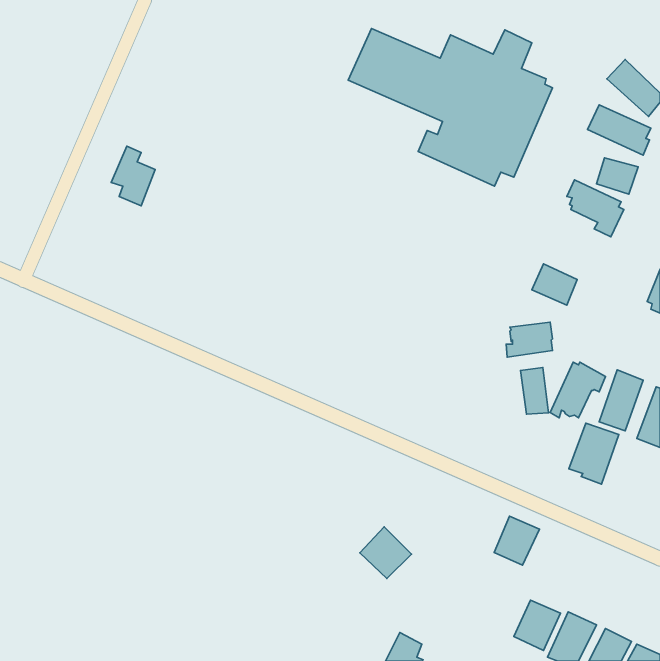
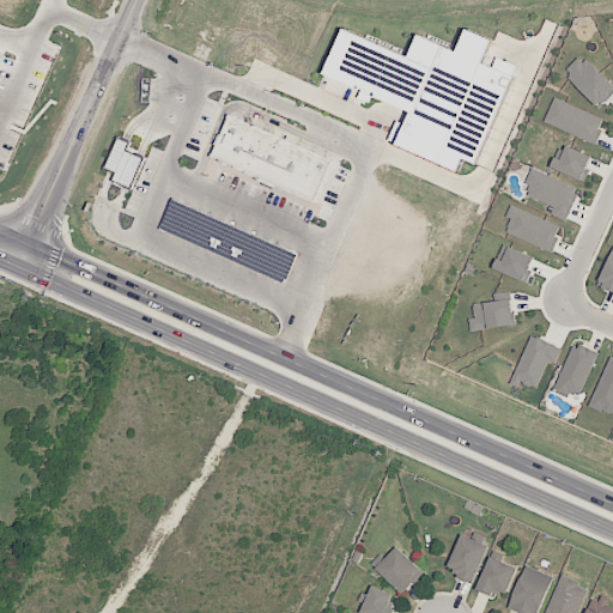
building: none -> [210,114,334,202]
building: none -> [159,199,299,285]
building: none -> [505,205,558,253]
building: [521,368,548,414] -> none
building: [569,423,619,484] -> none
building: [494,516,539,565] -> [444,533,486,578]
building: [360,527,411,579] -> [374,546,421,594]

